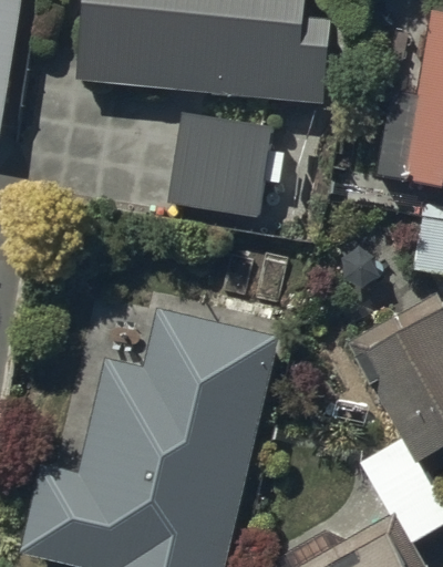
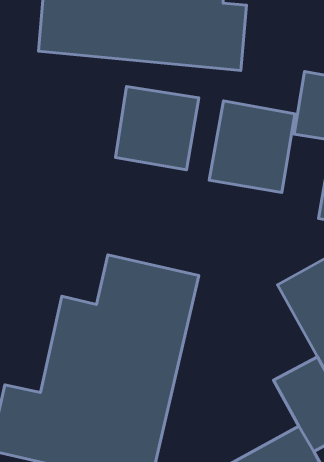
building: none -> [209,101,295,193]

